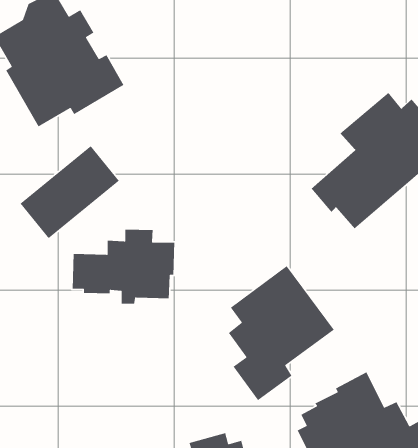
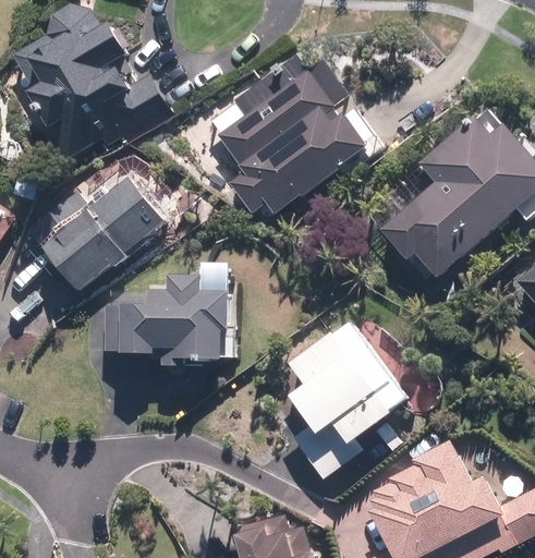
building: none -> [217,58,362,214]

